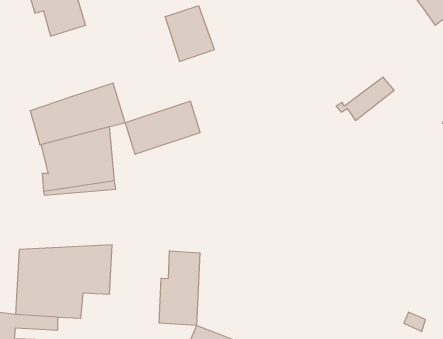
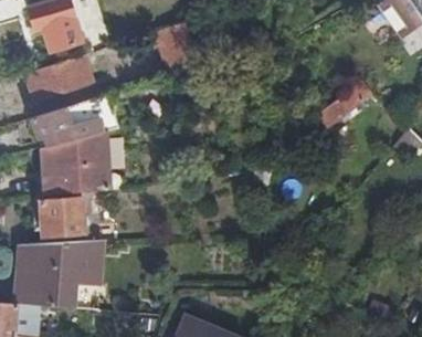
building: [125,101,200,154] -> [27,54,95,103]
building: none -> [39,198,86,238]
building: [159,251,200,325] -> none

